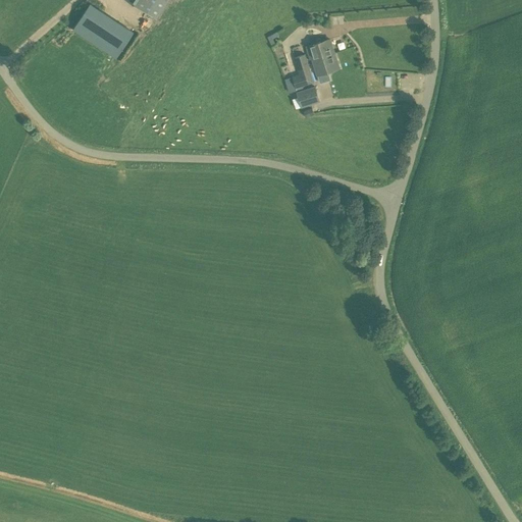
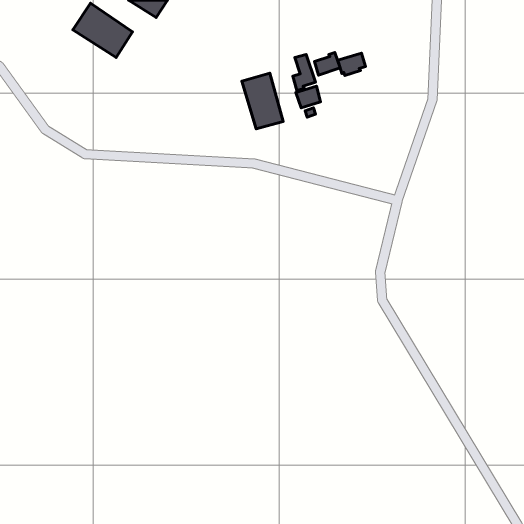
building: [305,40,332,62] -> [338,53,365,76]
building: none -> [242,73,283,129]

